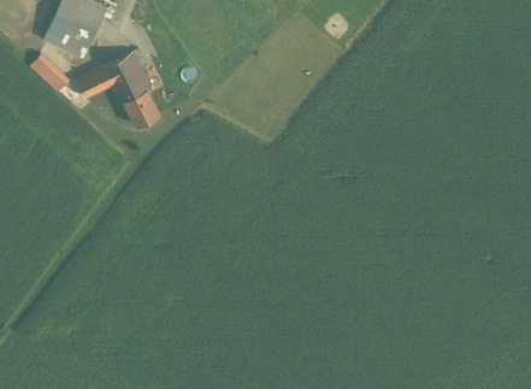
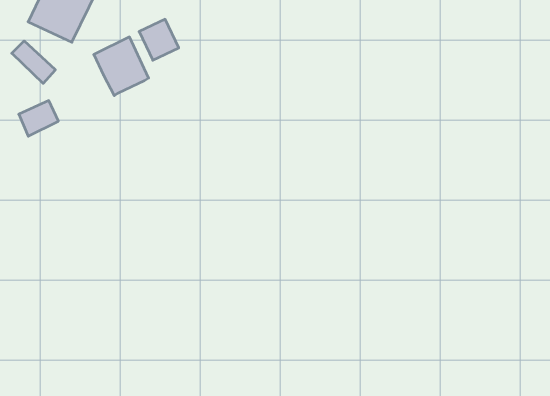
building: [76,66,111,98] -> [19,101,58,136]
building: [124,89,159,125] -> [139,19,179,60]

